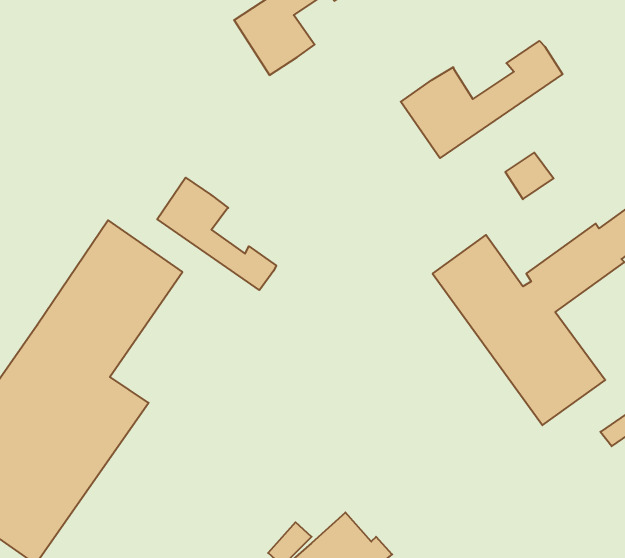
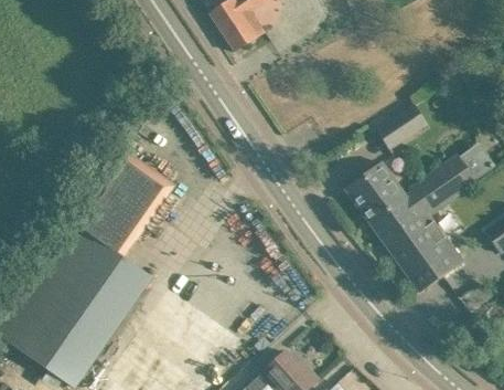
building: [401,41,563,158] -> none
building: [157,178,276,290] -> none

